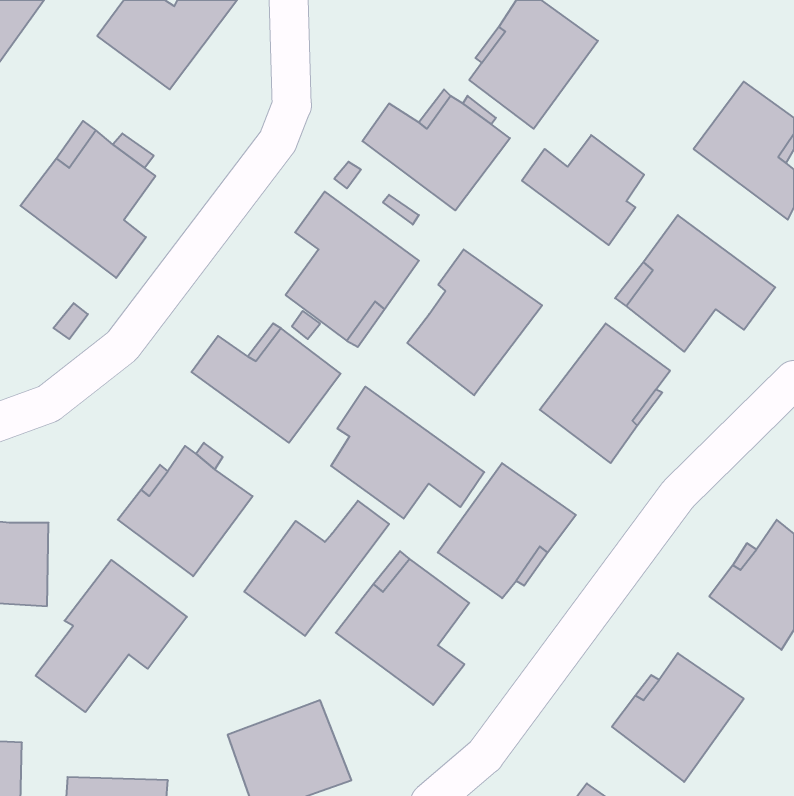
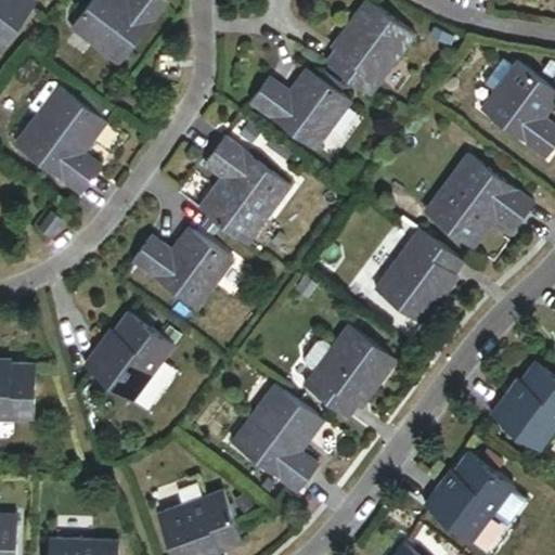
building: [522,135,644,245] -> none
building: [407,249,542,395] -> none
building: [331,387,484,519] -> none
building: [244,501,389,636] -> none
building: [36,560,187,712] -> none

